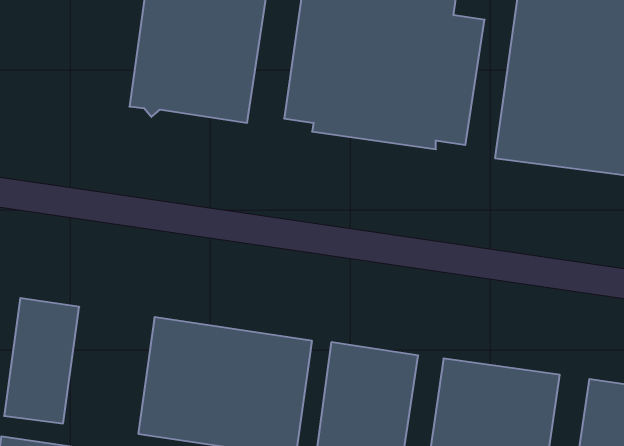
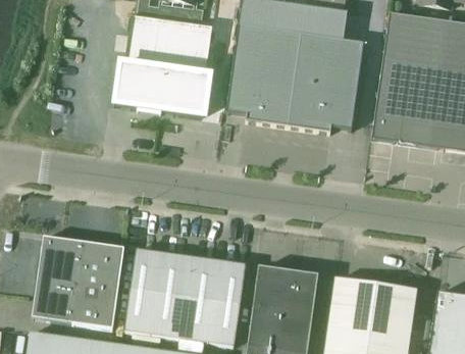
building: none -> [72,242,123,328]

